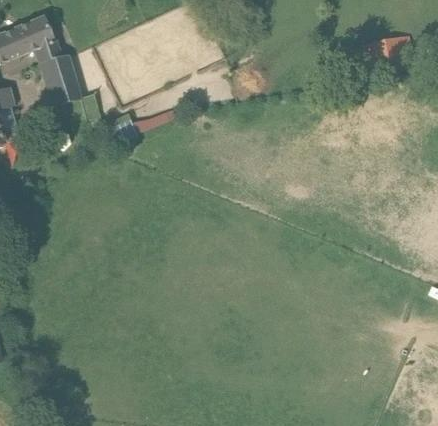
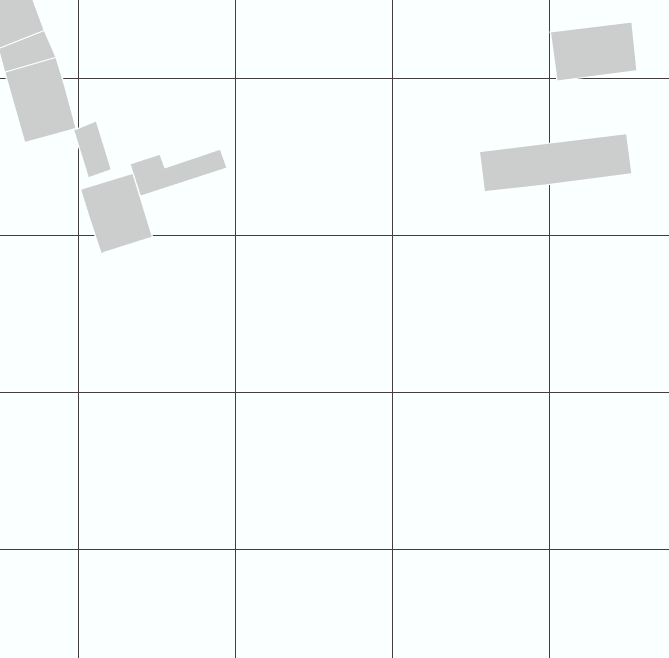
building: none -> [479,133,632,192]
building: none -> [81,173,153,254]

